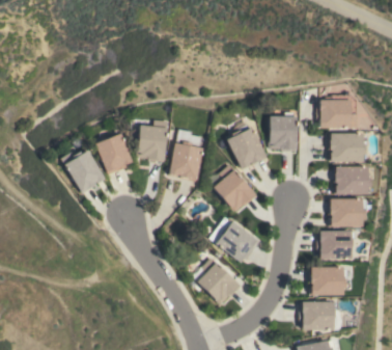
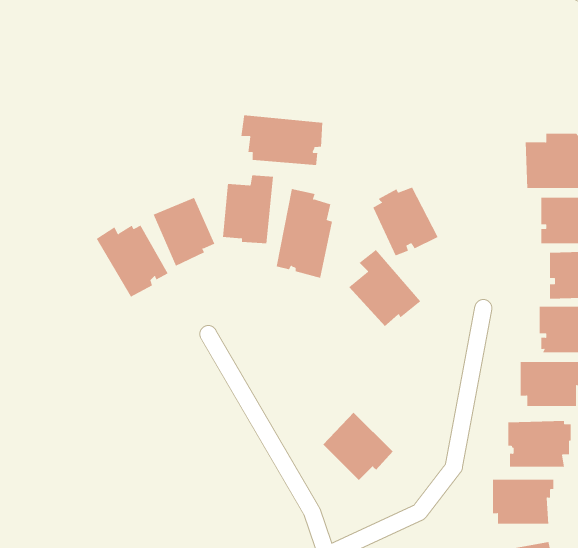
building: none -> [241,114,323,166]
building: [269,112,297,151] -> none
building: [209,216,259,262] -> none

